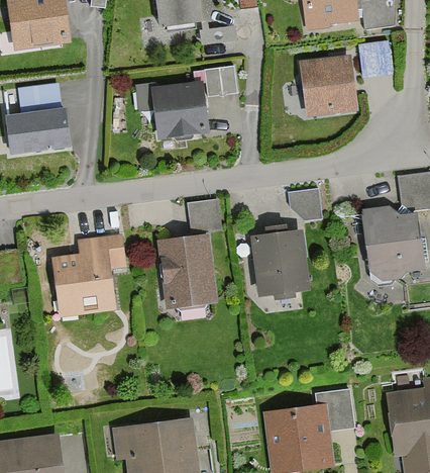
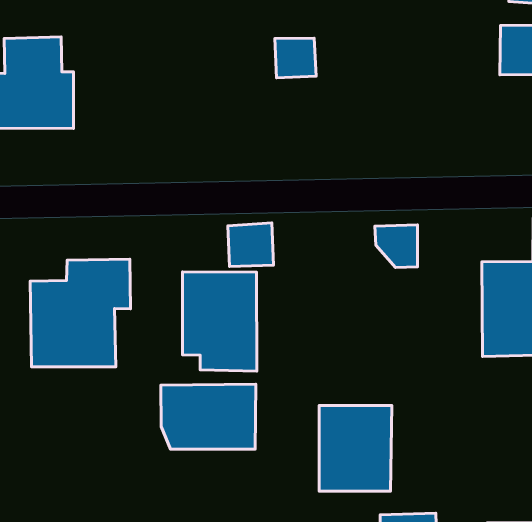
building: [301,56,359,118] -> none
building: [136,82,211,139] -> none
building: [254,230,310,295] -> [319,405,392,491]
building: none -> [161,384,256,449]

